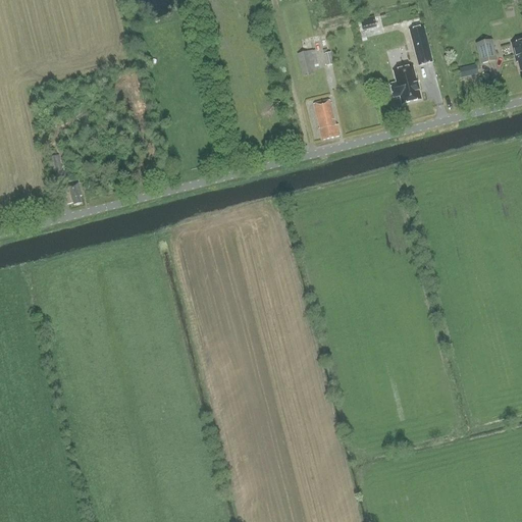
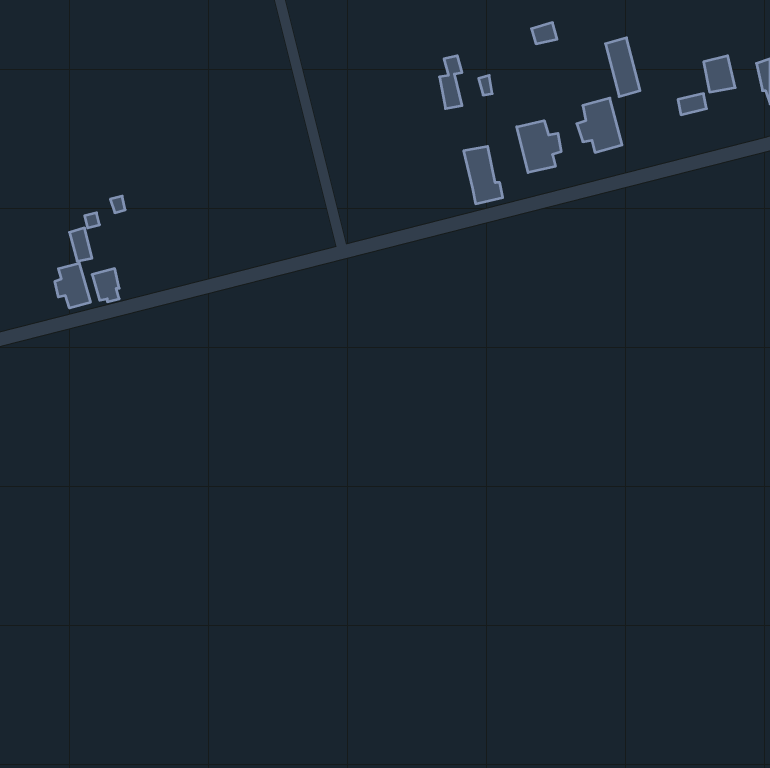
building: none -> [517,121,561,173]
building: none -> [55,263,90,308]

